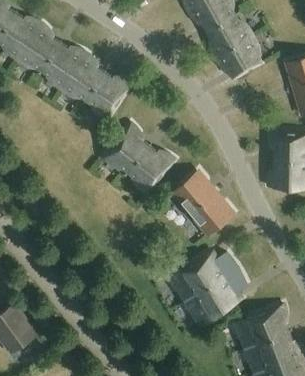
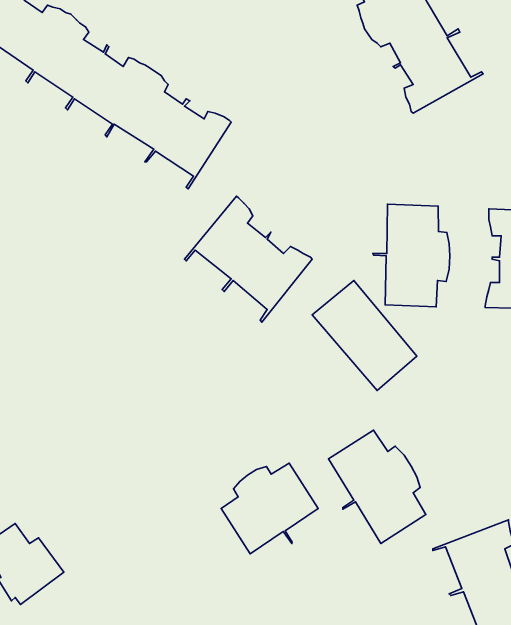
building: none -> [373,204,450,307]
building: none -> [221,463,318,554]

